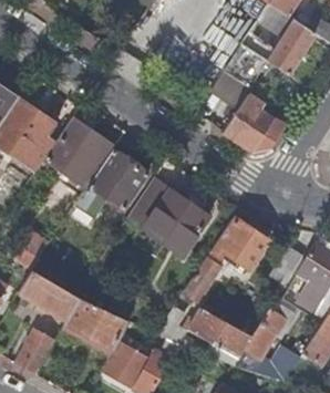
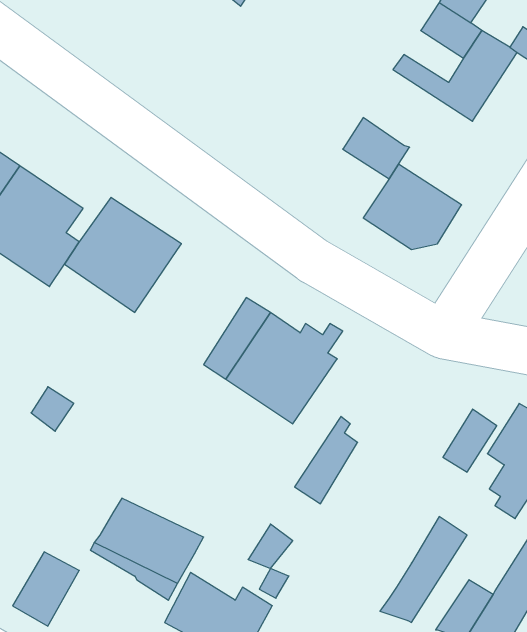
building: [224,42,267,87] -> none
building: [76,149,152,217] -> none
building: [216,220,267,267] -> none
building: [18,270,80,320] -> none
building: [189,306,252,358] -> none

